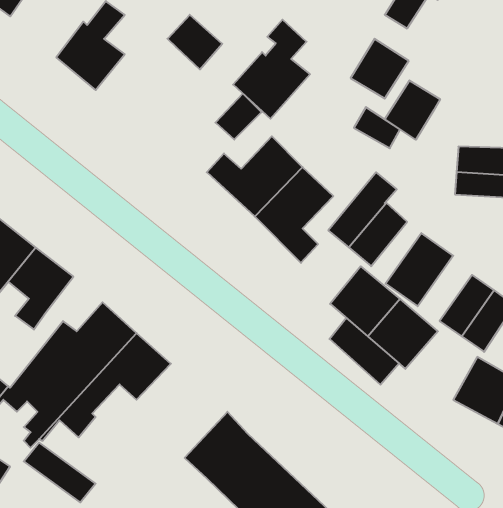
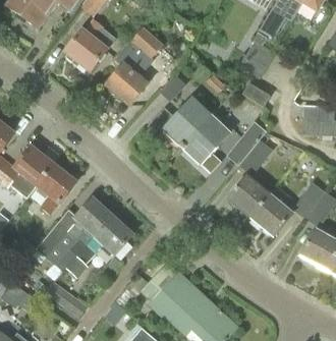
building: [233,20,310,119] -> [107,45,153,104]
building: [385,80,440,140] -> none
building: [386,233,453,306] -> none
building: [329,318,399,385] -> none

